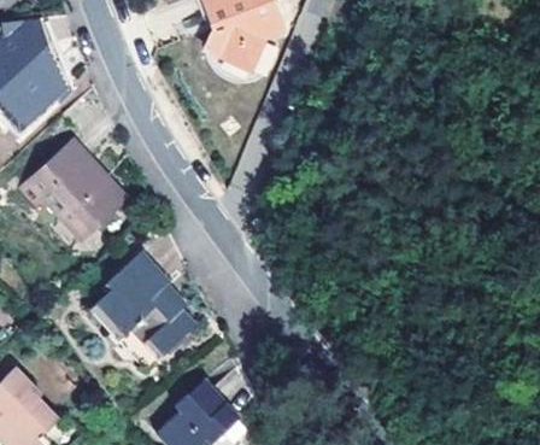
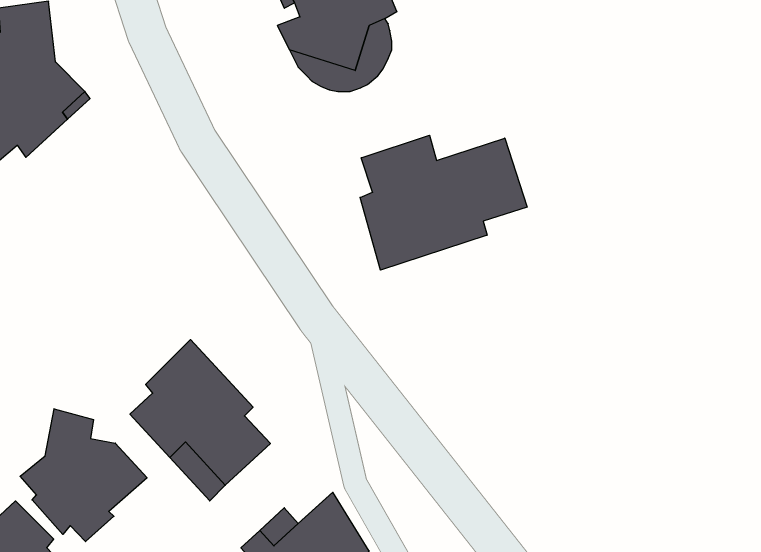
building: none -> [360,135,527,270]
building: [20,142,123,238] -> none
building: none -> [20,409,147,542]

